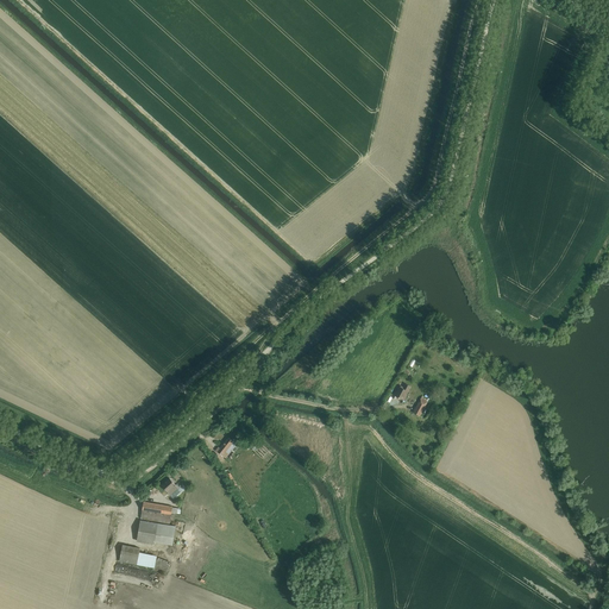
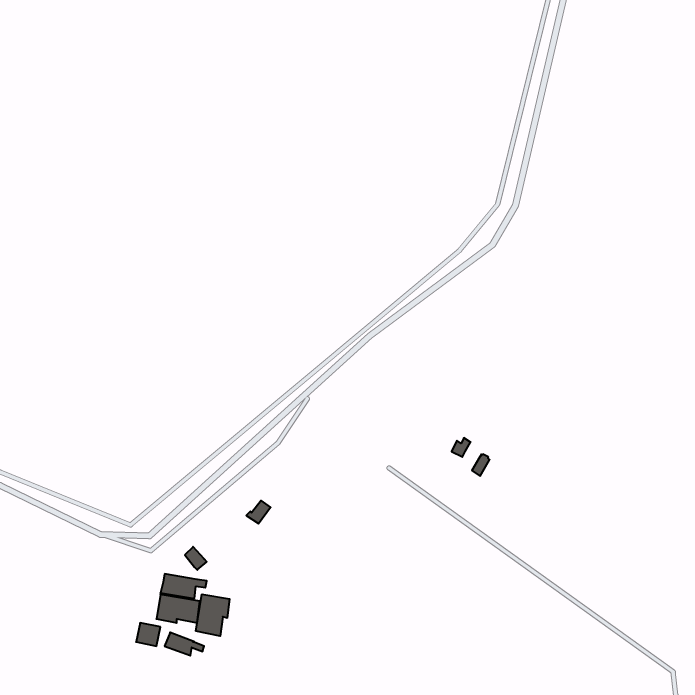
building: none -> [196,594,230,636]

